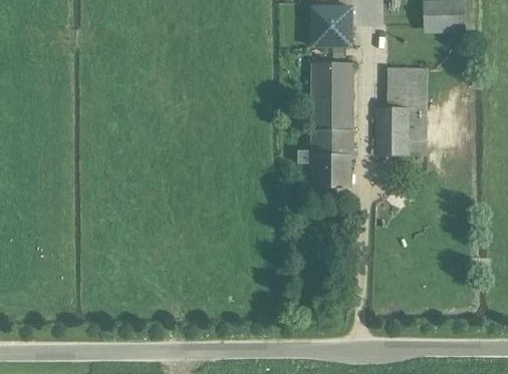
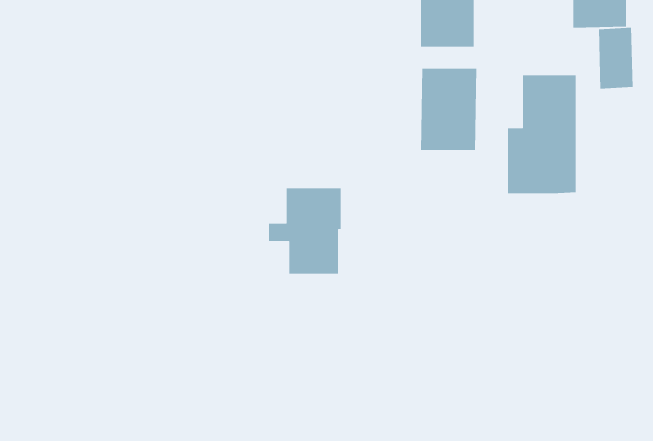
building: none -> [598,27,634,90]
building: [298,123,352,188] -> [268,188,342,275]

